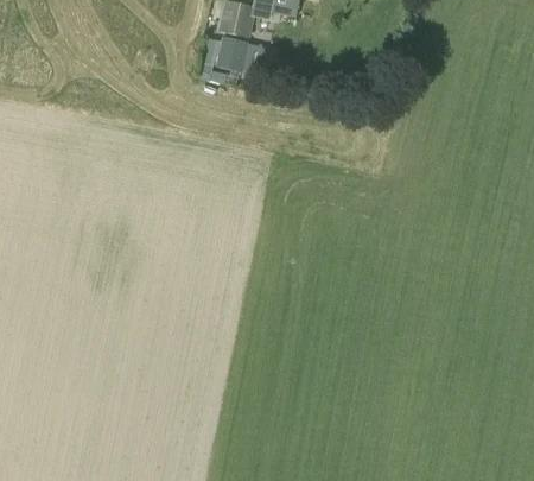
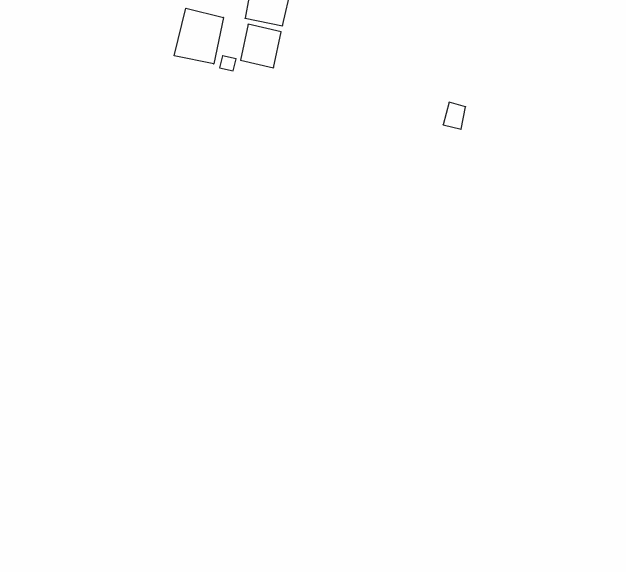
building: none -> [174,8,223,64]

